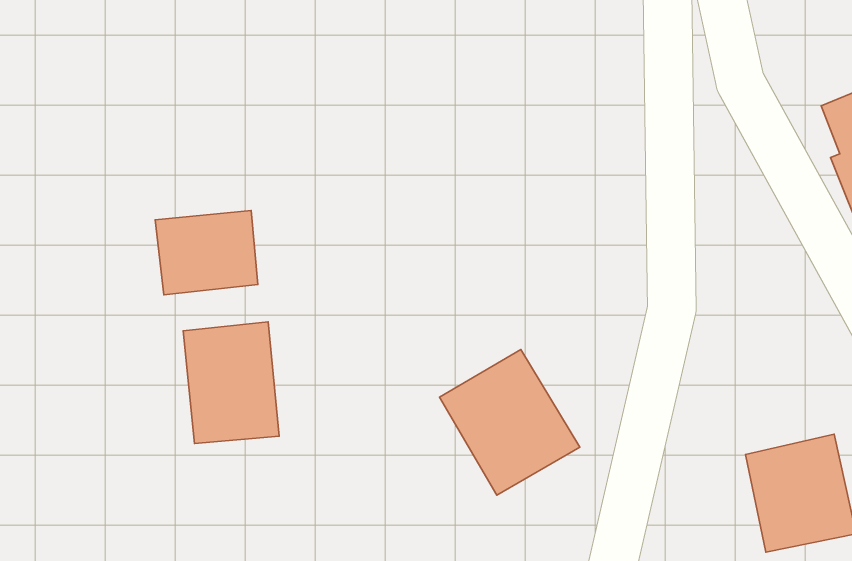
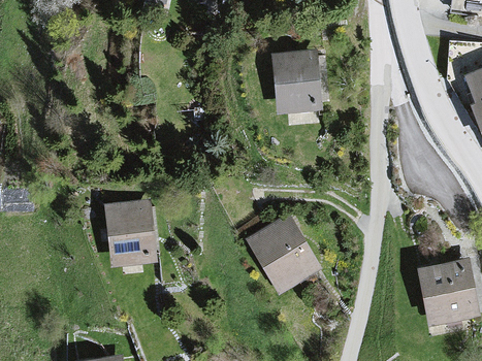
building: none -> [269,50,321,111]
building: [155,210,258,295] -> none

